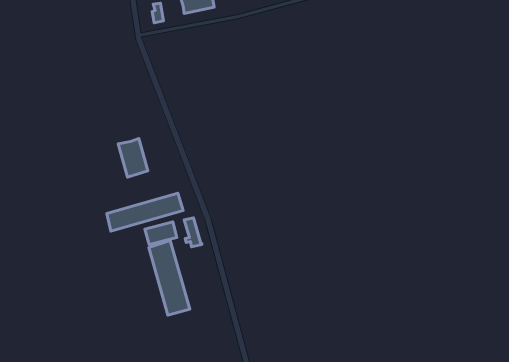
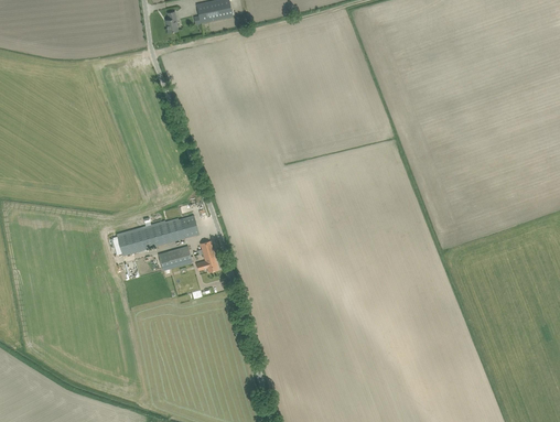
building: [118,139,148,177] -> none
building: [149,240,190,315] -> none

